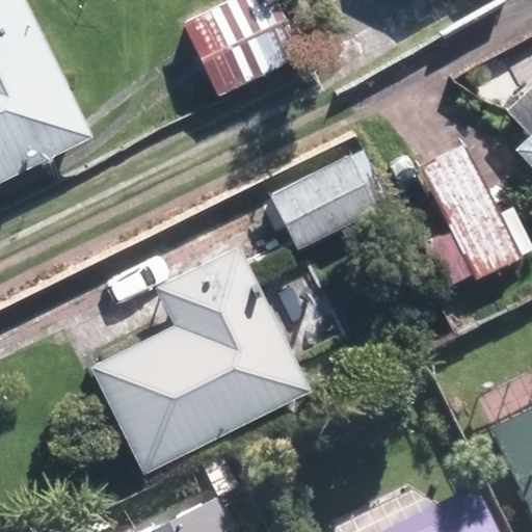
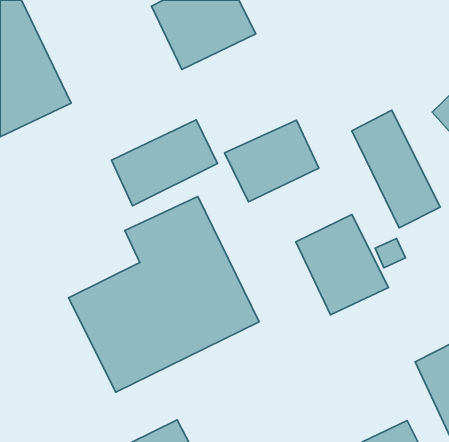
building: none -> [112,120,218,206]
building: none -> [296,214,389,315]

